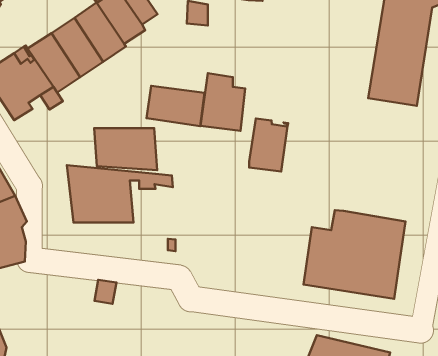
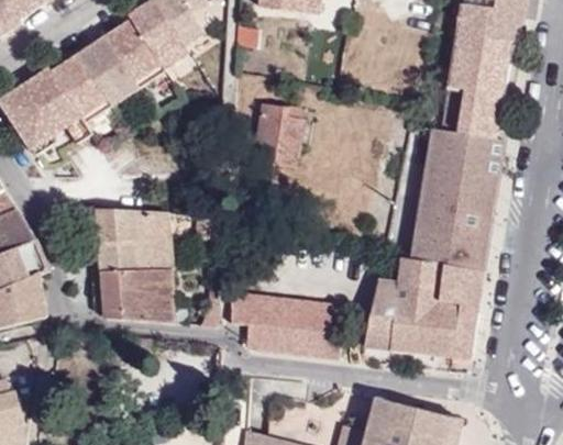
building: [147,86,205,126] -> none
building: none -> [411,127,505,270]
building: [249,118,288,172] -> none
building: [94,128,157,170] -> [100,271,173,320]
building: none -> [229,286,342,357]

